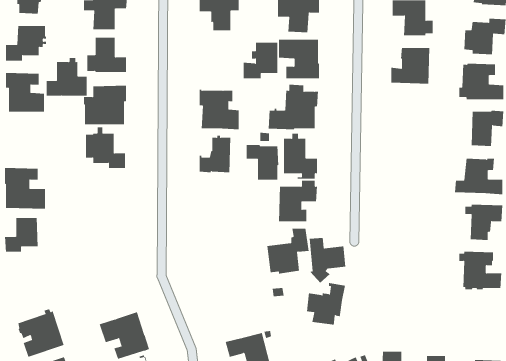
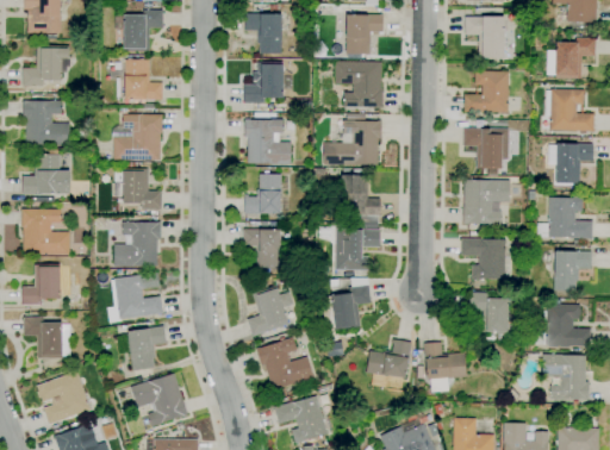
building: [243,42,278,79] -> [243,62,284,104]
building: [46,57,88,96] -> [23,150,70,194]
building: none -> [463,127,502,168]
building: none -> [462,180,510,225]
building: [246,145,279,180] -> [243,229,281,269]
building: none -> [113,219,161,267]
building: none -> [461,238,505,280]
building: none -> [107,271,163,324]
building: none -> [247,286,293,337]
building: [309,238,346,284] -> [424,343,467,395]
building: none -> [471,293,509,335]
building: none -> [24,318,70,358]
building: none -> [116,326,166,371]
building: none -> [255,337,315,390]
building: none -> [542,351,589,401]

